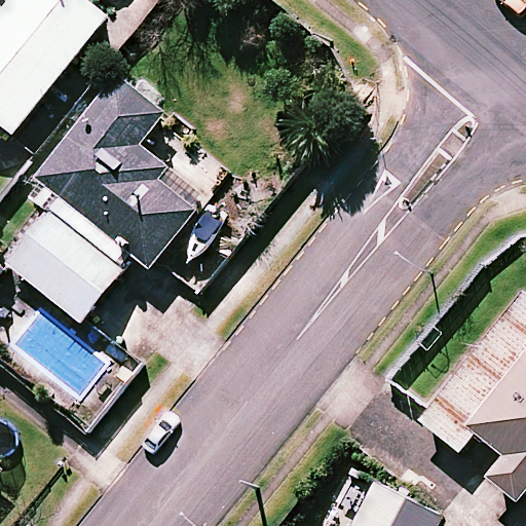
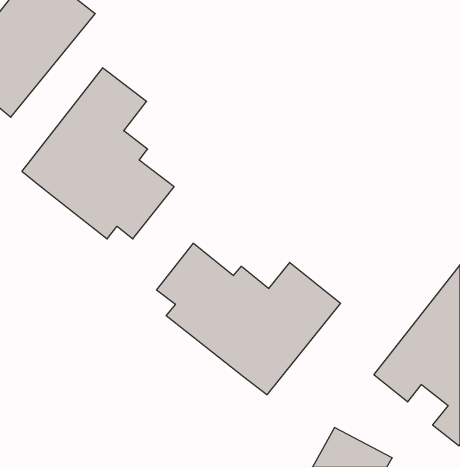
building: [4,210,120,324] -> none
building: none -> [157,243,341,395]

